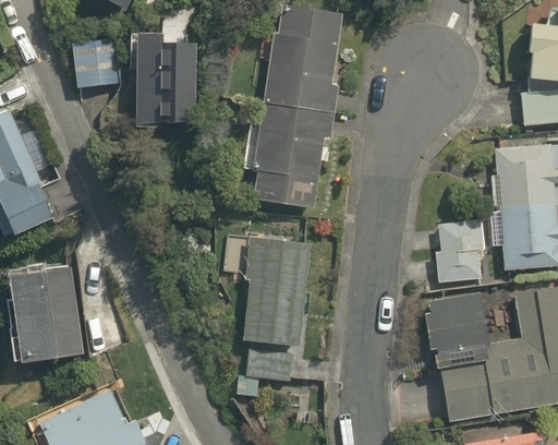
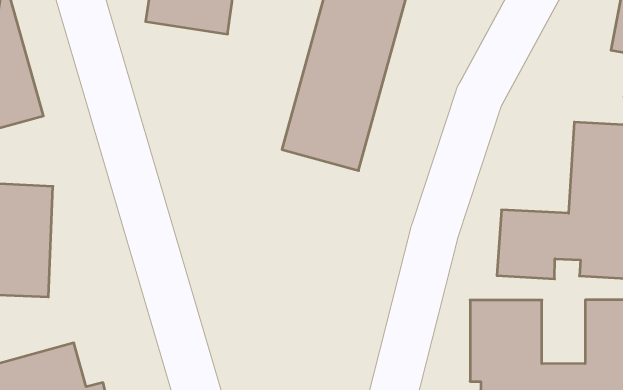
building: [236,232,312,377] -> none

